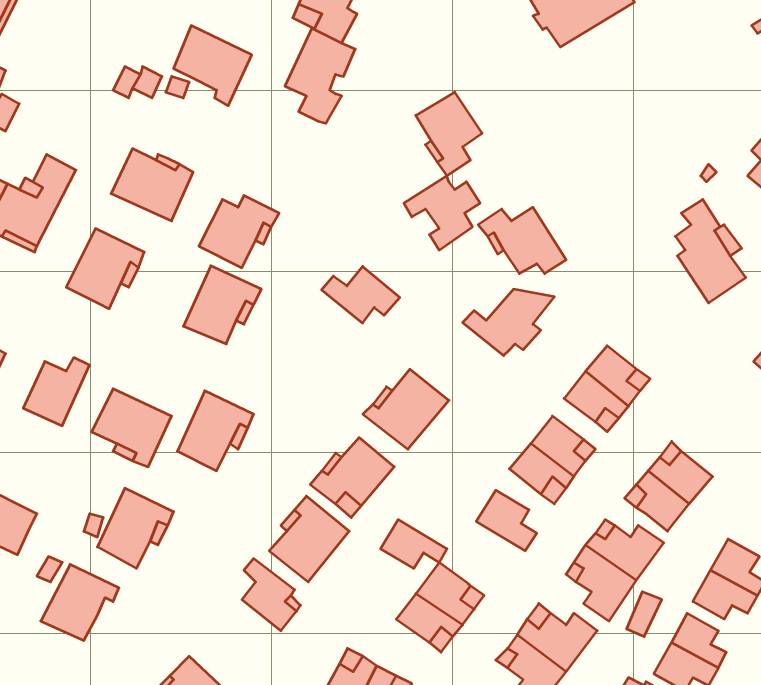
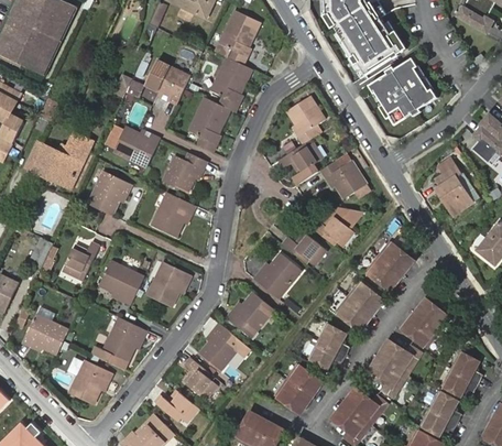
building: none -> [368,56,436,123]
building: none -> [186,100,228,155]
building: [322,266,400,323] -> [282,231,326,263]
building: [381,520,447,568] -> [307,339,345,367]
building: none -> [157,392,200,423]

